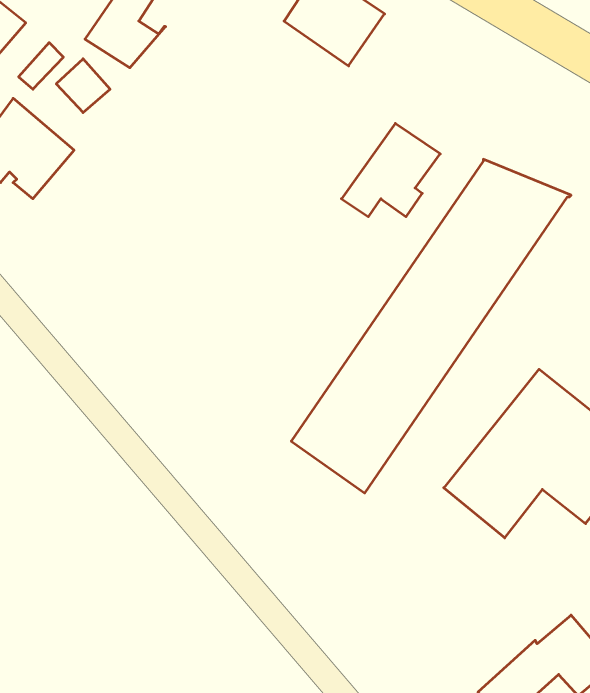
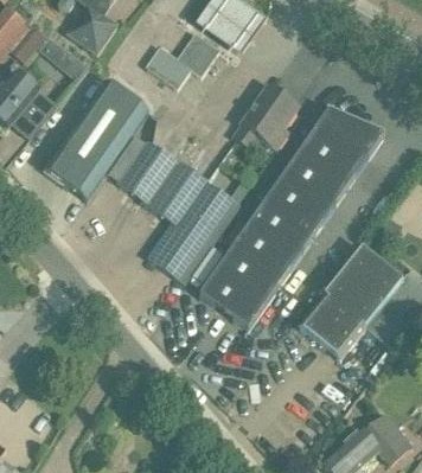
building: none -> [146,33,219,88]
building: none -> [44,81,149,200]
building: none -> [120,141,239,282]

